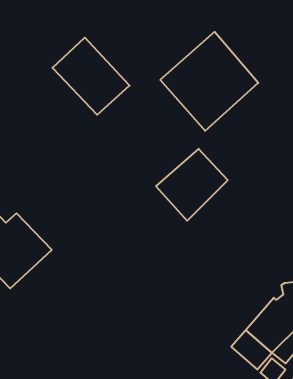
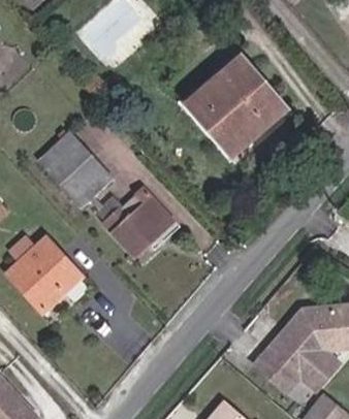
building: [52,38,130,115] -> [36,127,113,203]
building: [156,149,228,221] -> [101,186,172,257]

